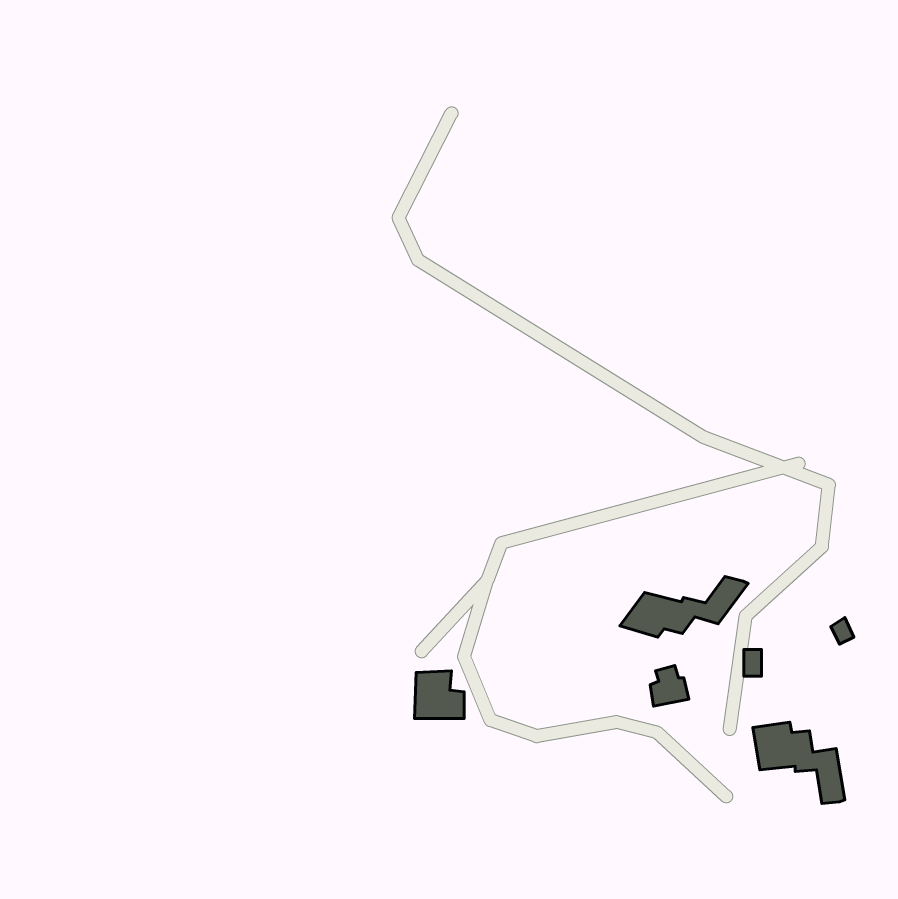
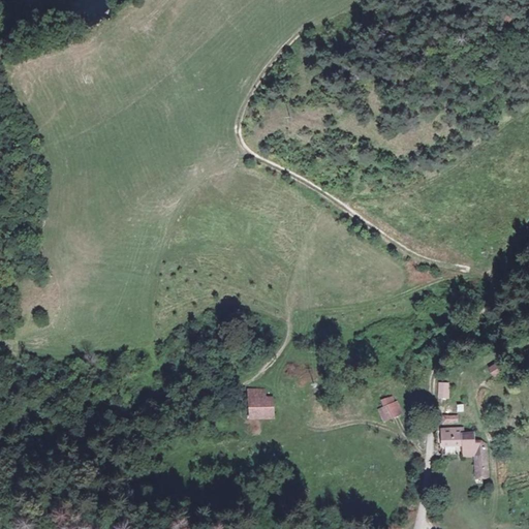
building: [620,577,748,637] -> none

